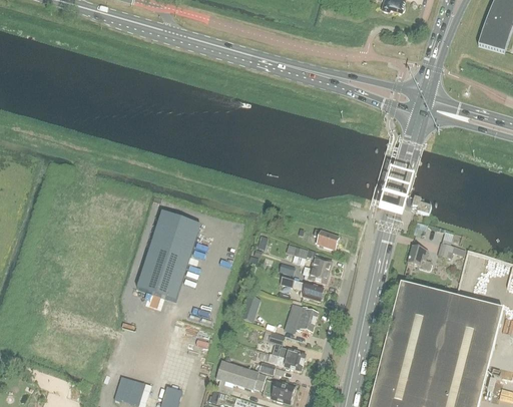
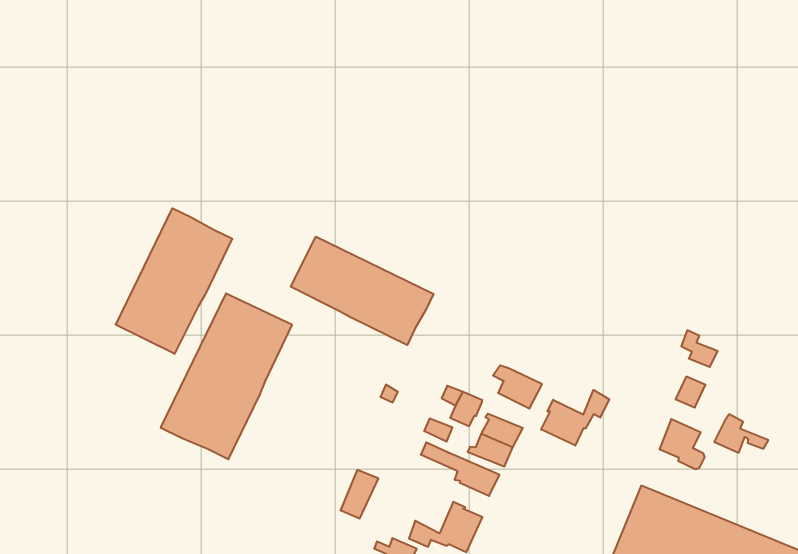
building: none -> [116,208,232,354]
building: none -> [291,237,433,345]
building: none -> [541,390,609,446]

